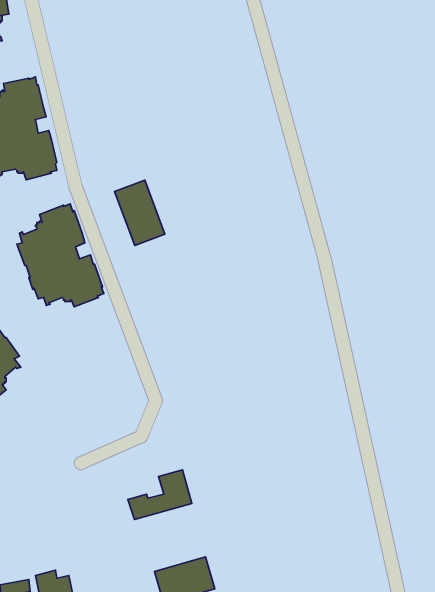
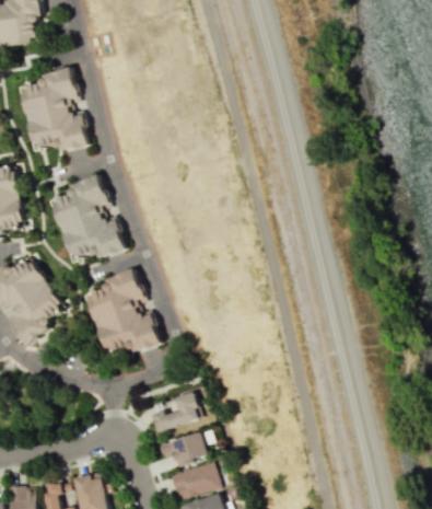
building: [115,180,165,245] -> none
building: none -> [92,270,162,354]
building: none -> [154,432,203,464]

